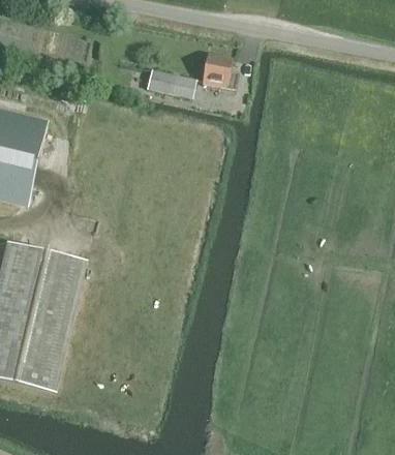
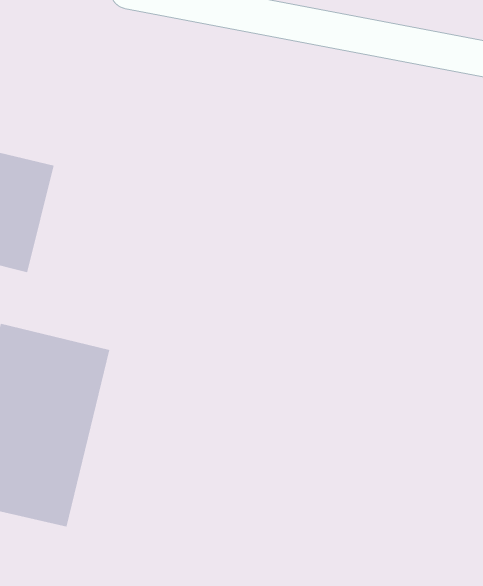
building: [202,53,238,88] -> none
building: [146,68,196,96] -> none

